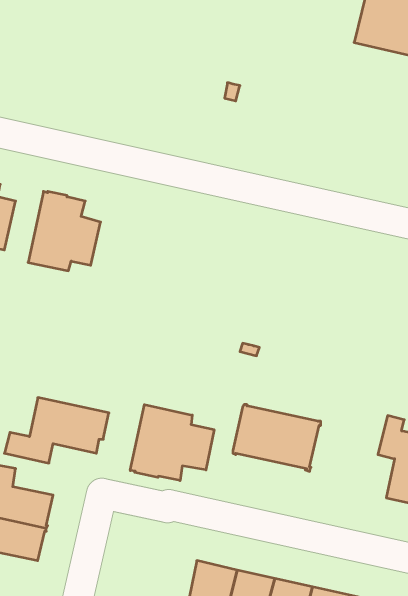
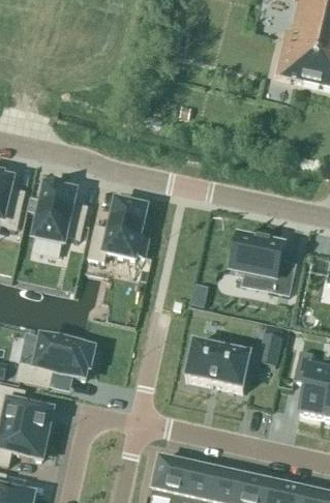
building: none -> [88,198,147,259]
building: none -> [230,235,295,293]
building: [130,405,214,481] -> none

